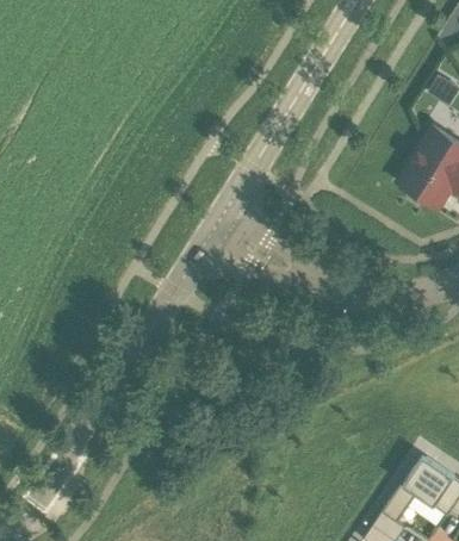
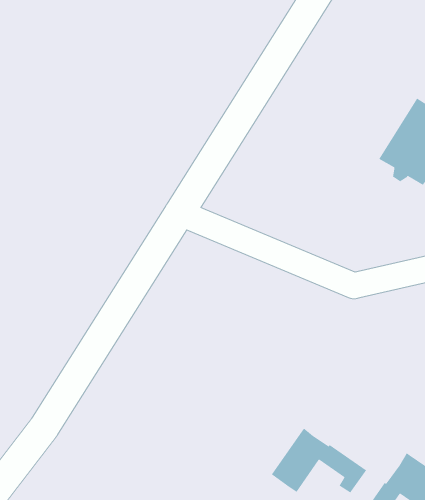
building: none -> [271,428,367,494]

